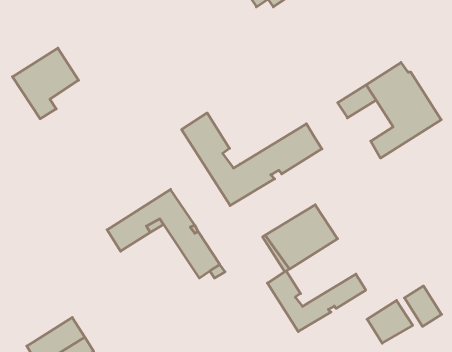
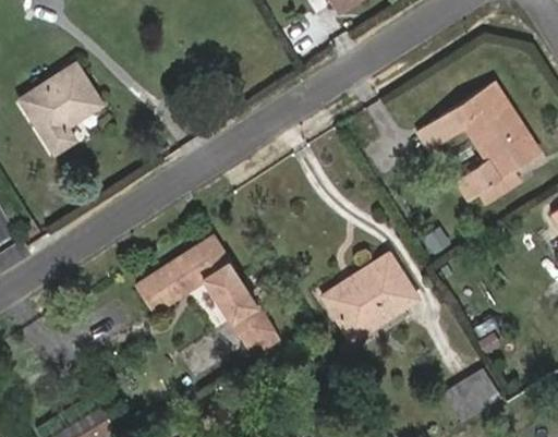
building: [182,113,322,206] -> none
building: [267,271,366,332] -> none
building: [404,286,442,326] -> none

